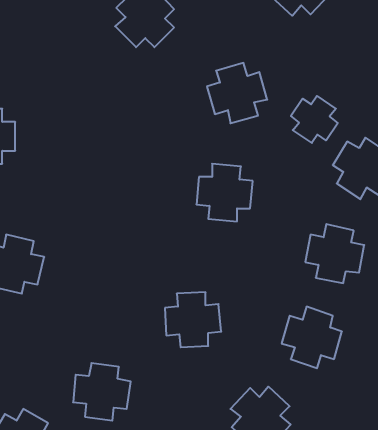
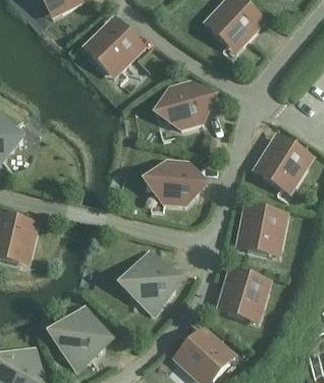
building: [291,96,338,143] -> none

